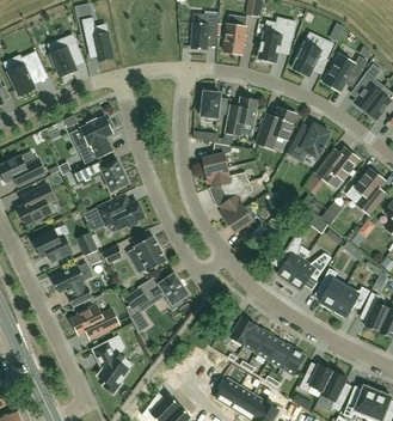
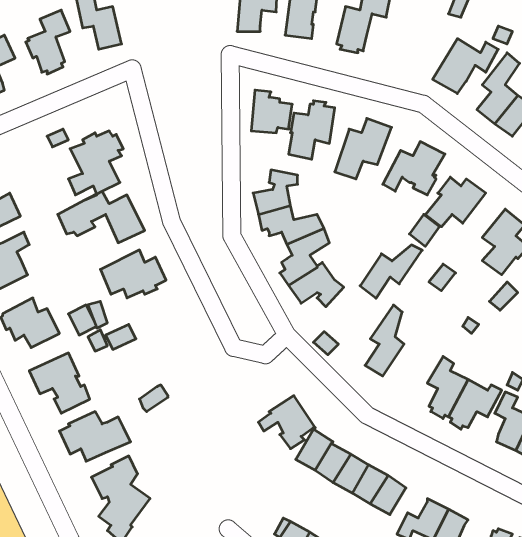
building: [293,39,333,77] -> none
building: [134,236,166,270] -> none
building: [289,254,331,289] -> [360,245,422,298]
building: [151,273,189,309] -> [258,396,315,449]

